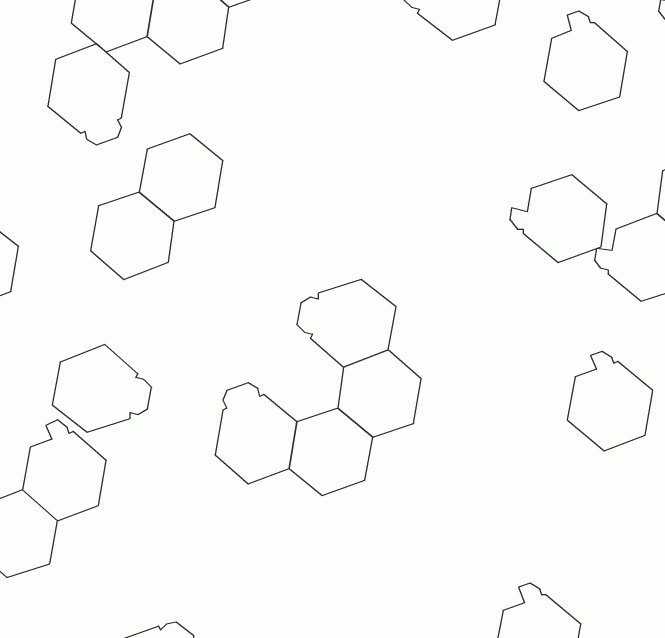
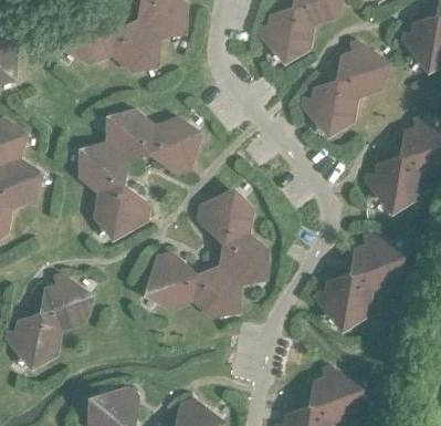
building: [48,44,129,145] -> [150,117,197,175]
building: [510,175,607,262] -> [302,81,357,131]
building: [52,345,152,432] -> [94,184,150,233]
building: none -> [315,273,371,324]

